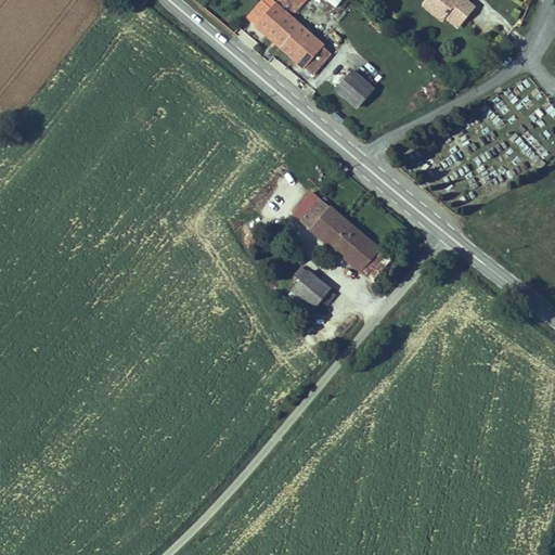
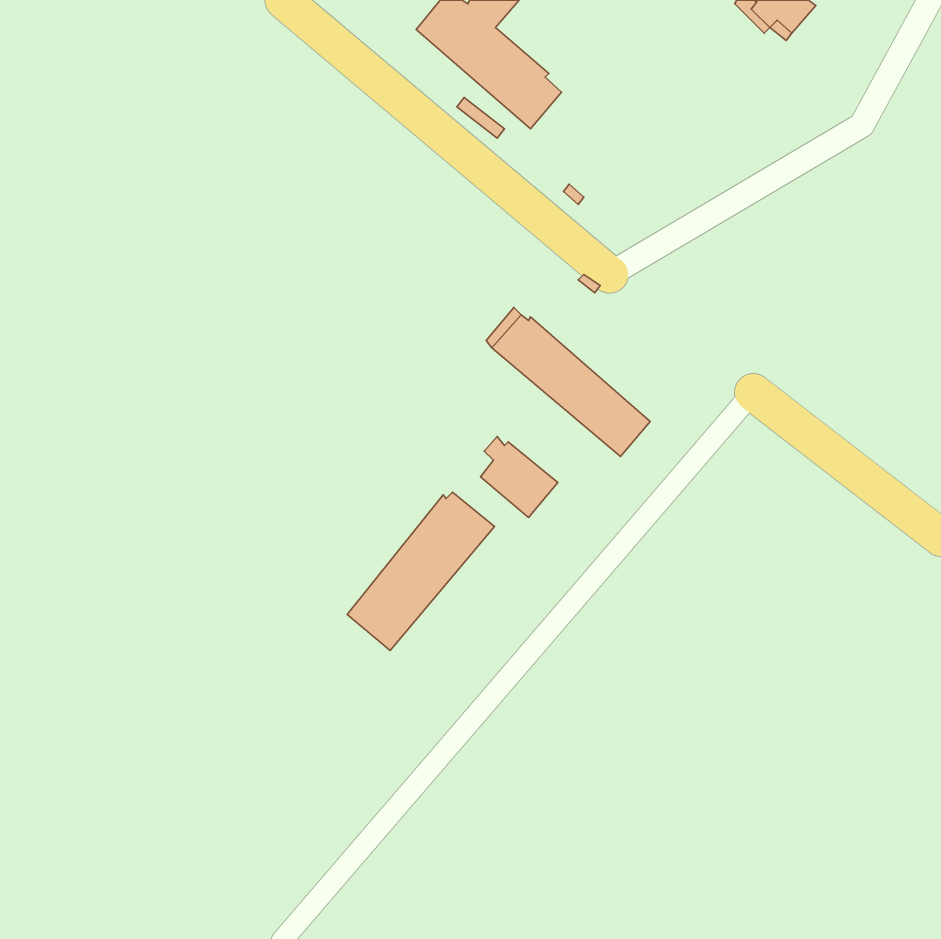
building: [333,69,373,109] -> none
building: none -> [347,492,495,651]

